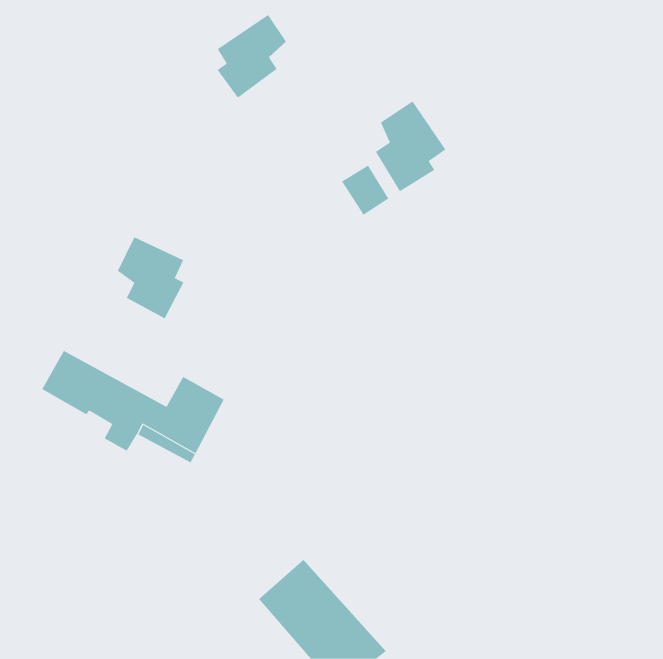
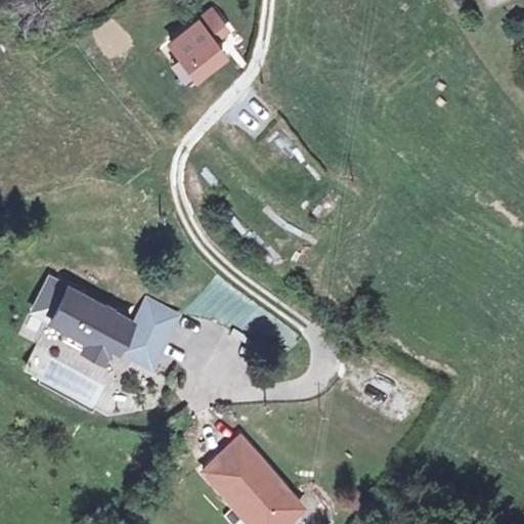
building: [375,101,446,192] -> none
building: [117,237,184,319] -> none

